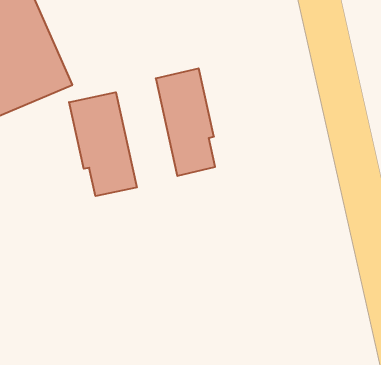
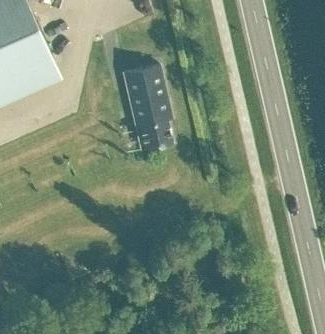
building: [69,92,137,196] -> none

